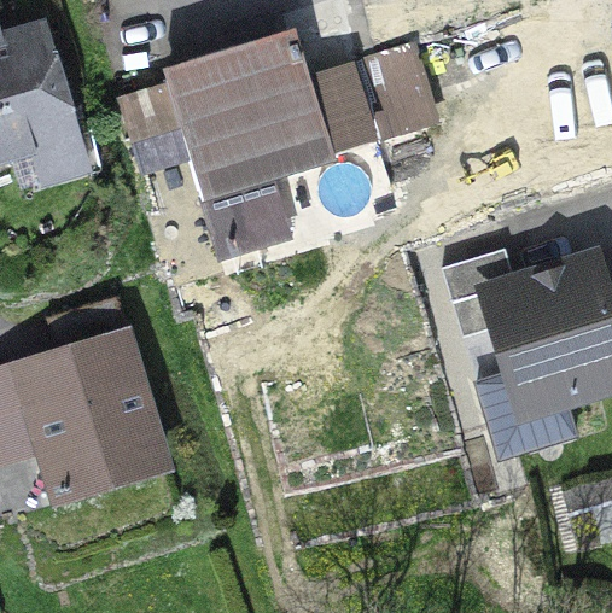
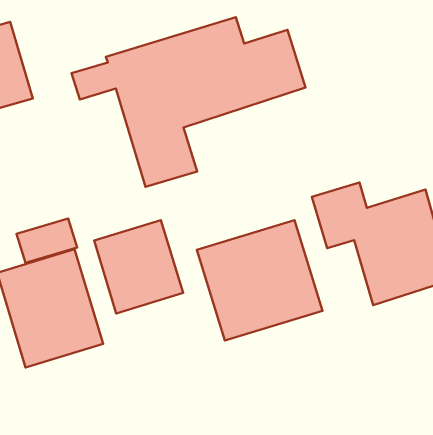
building: none -> [94,220,183,313]
building: none -> [197,220,322,341]

